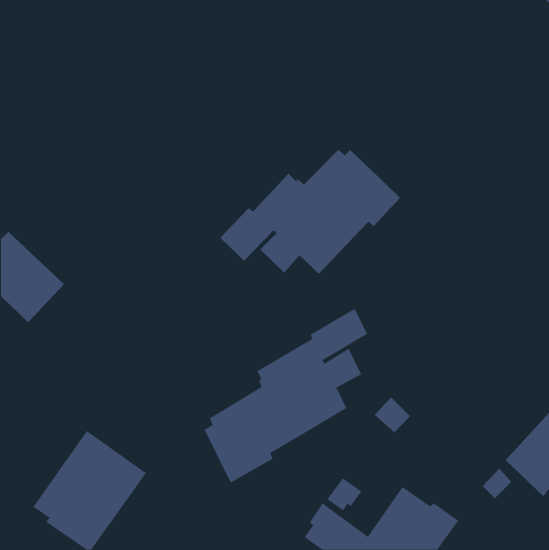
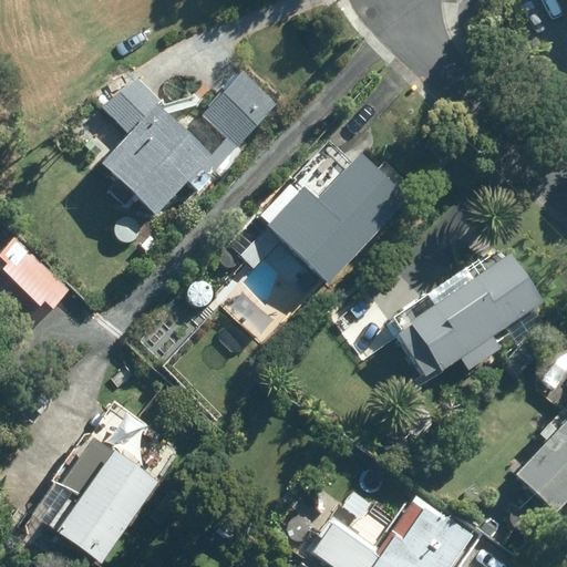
building: none -> [100,68,282,213]
building: none -> [396,254,543,378]
building: [204,308,368,483] -> none

